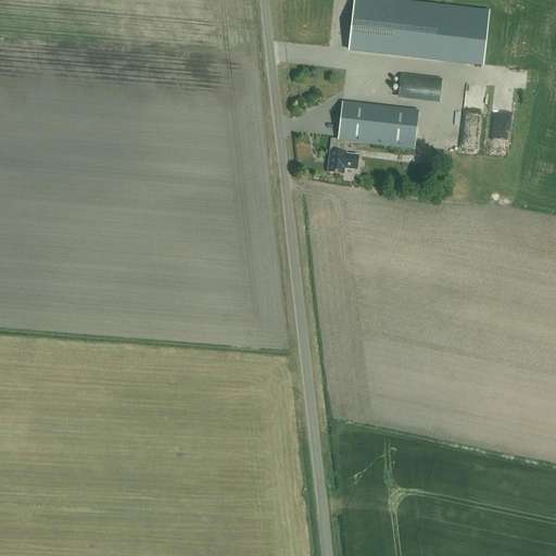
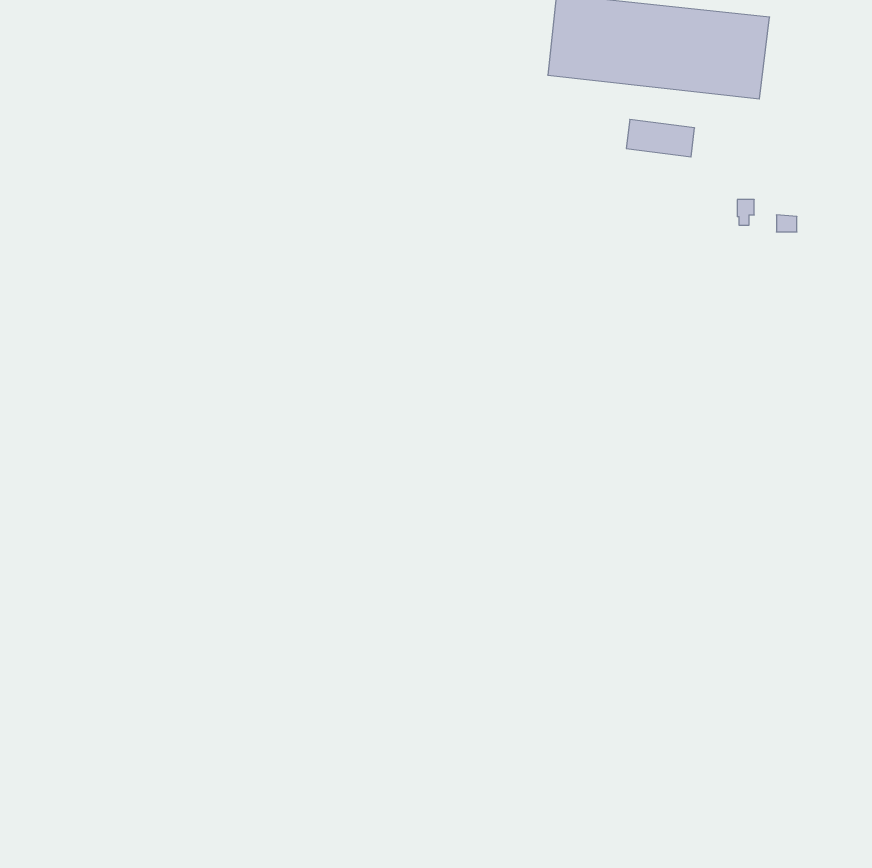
building: [327,100,419,174] -> none

